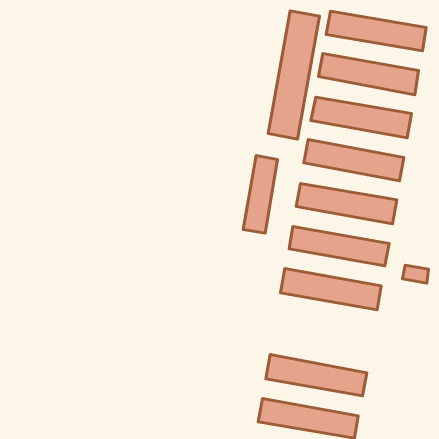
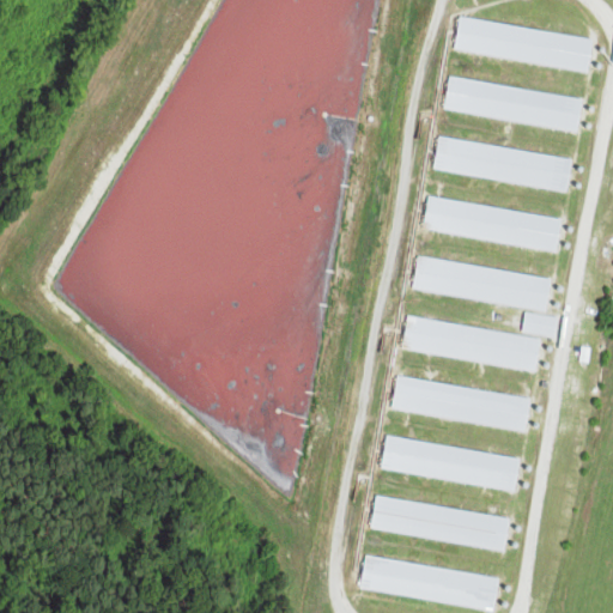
building: [268,11,320,139] -> none
building: [243,156,277,233] -> none
building: [403,265,428,283] -> [522,312,558,338]
building: none -> [381,436,520,492]

